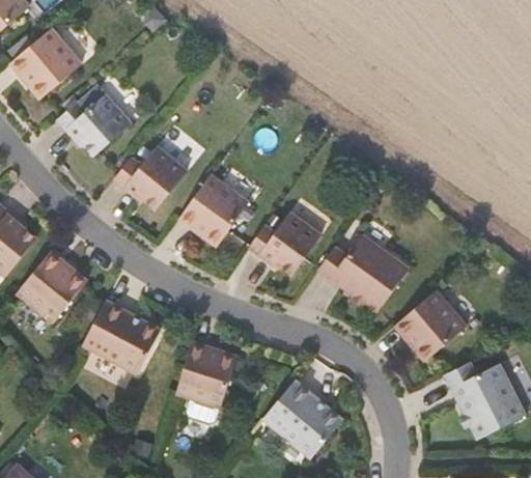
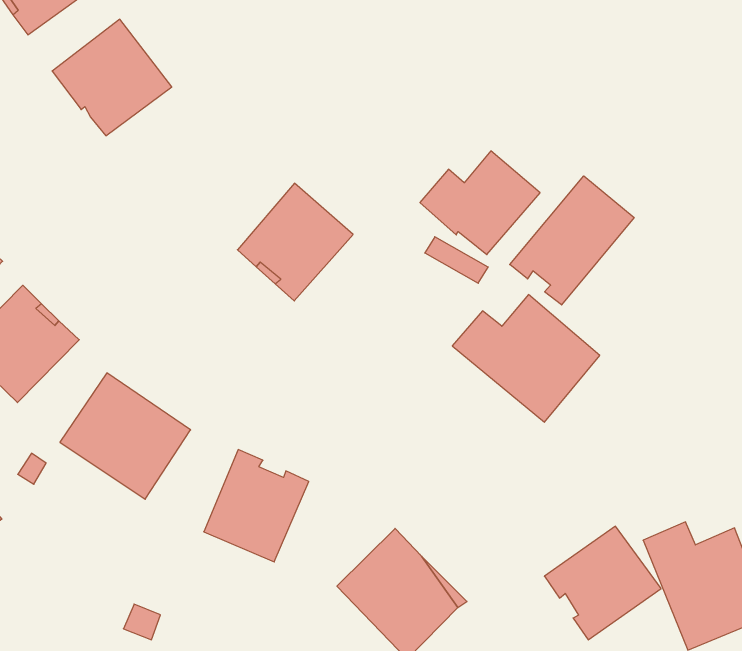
building: [115,147,188,210] -> none
building: none -> [510,176,634,305]
building: [250,213,323,276] -> [420,151,540,255]
building: [393,287,465,358] -> [544,526,661,640]

